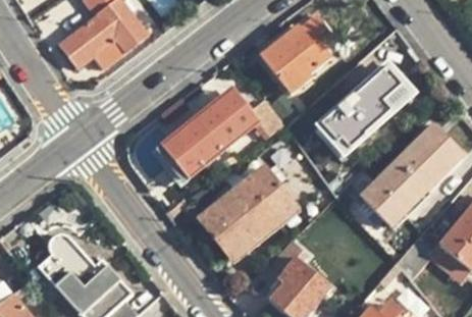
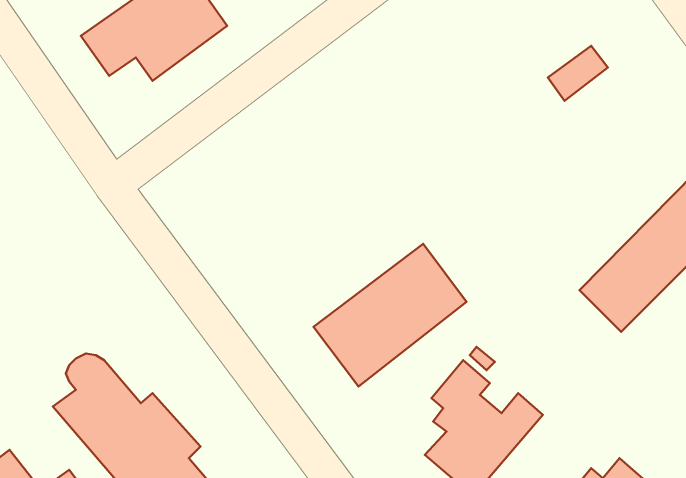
building: [262,28,330,93] -> none
building: [317,64,415,156] -> none
building: [154,96,283,184] -> none

